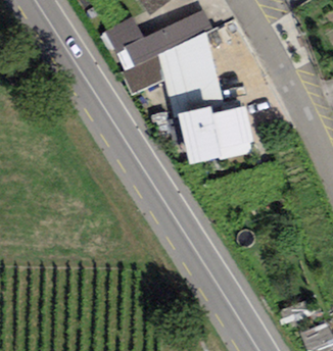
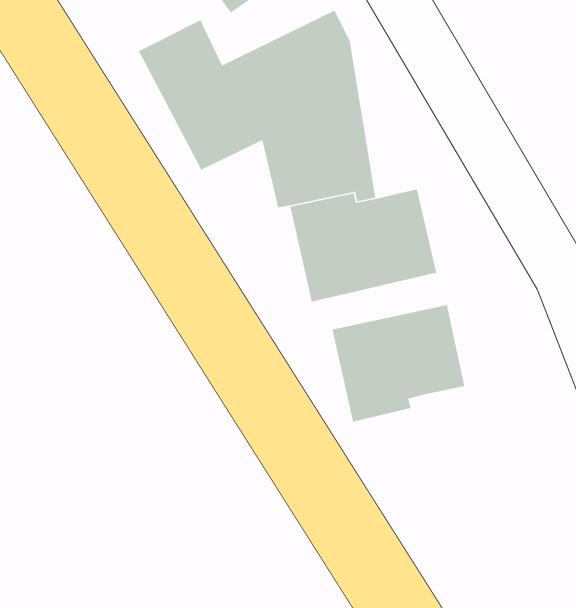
building: none -> [331,304,465,423]

